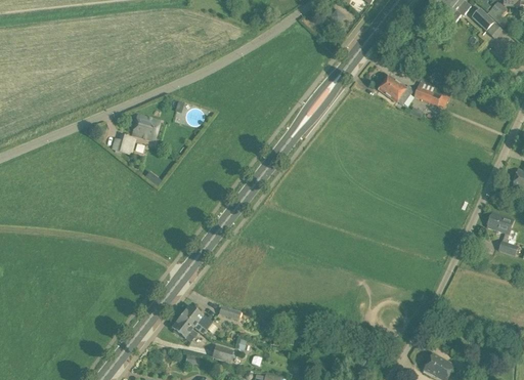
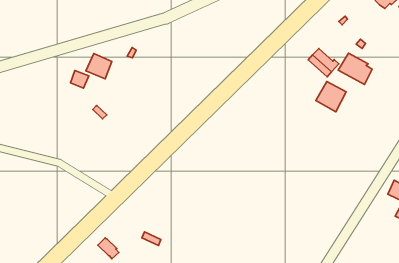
building: none -> [316,82,346,112]
building: [178,304,212,334] -> none

